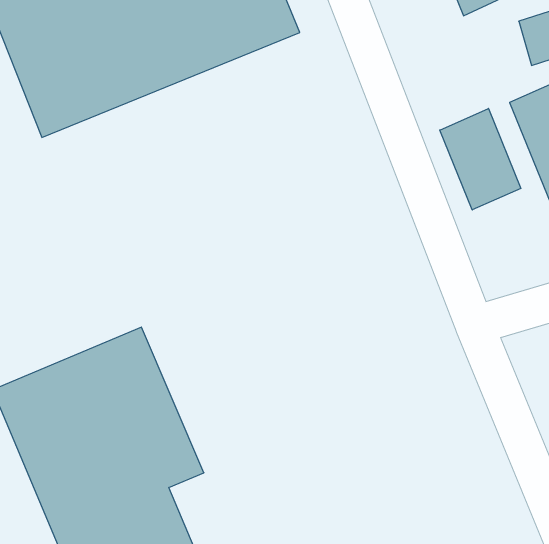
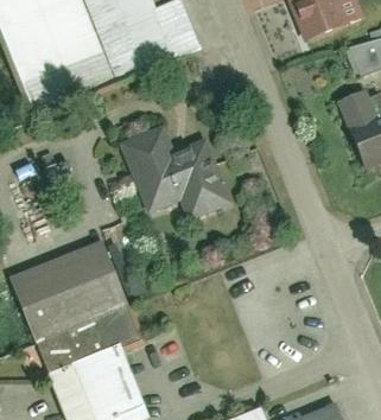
building: [440,108,521,210] -> none
building: none -> [118,126,229,222]

